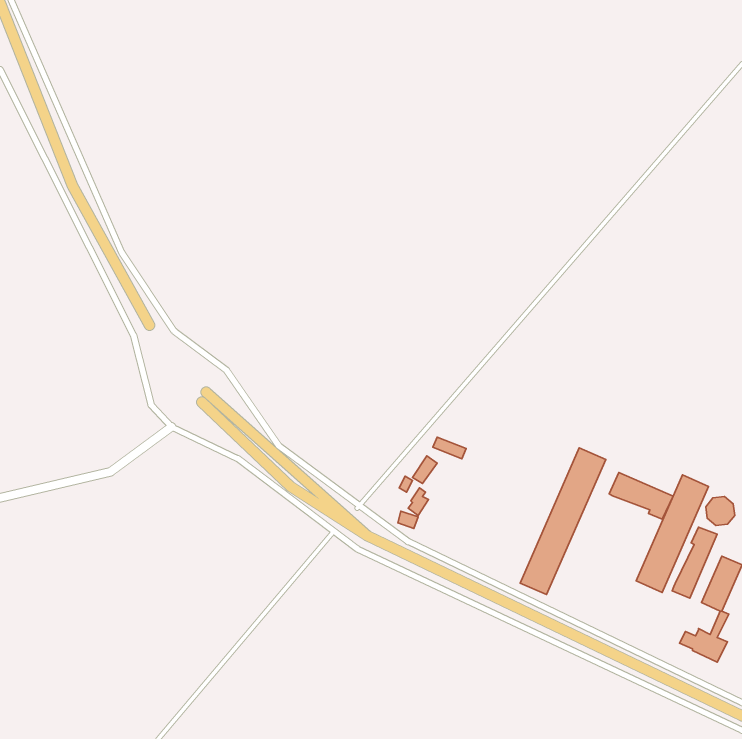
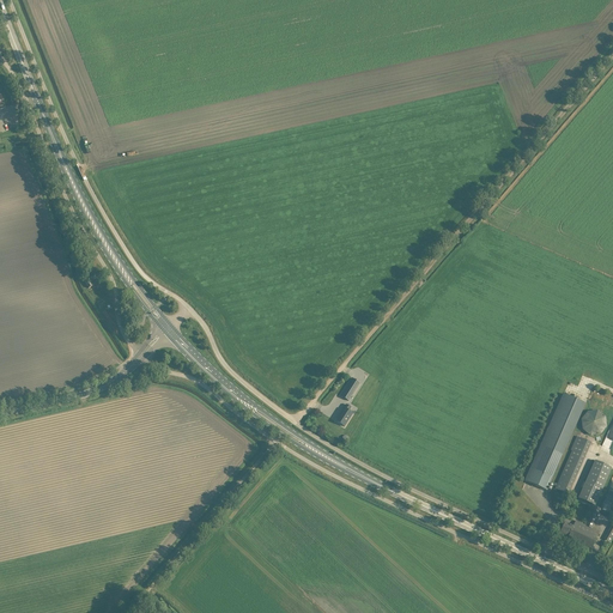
building: [520,448,606,595] -> none
building: [609,472,673,519] -> none

